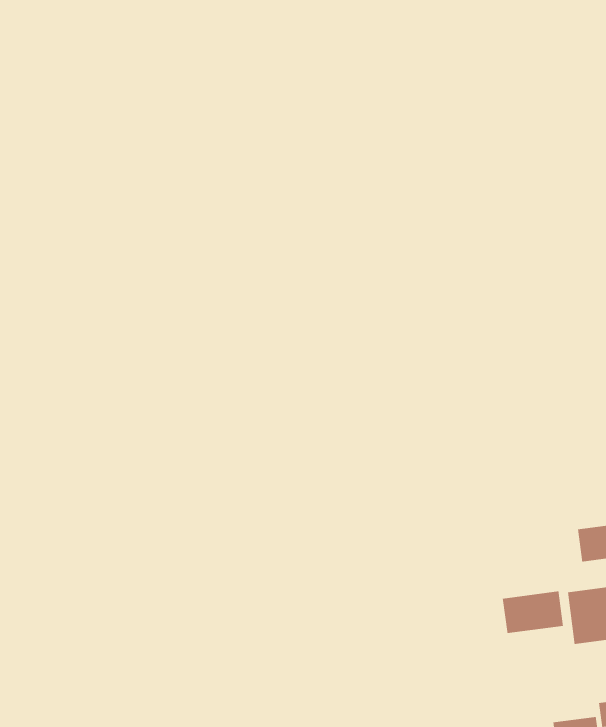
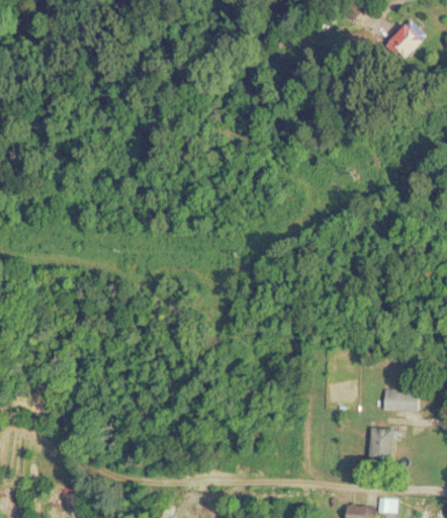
building: [502,591,563,634] -> none

